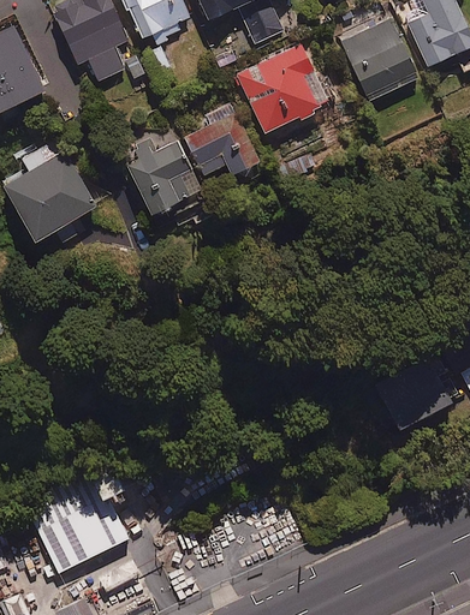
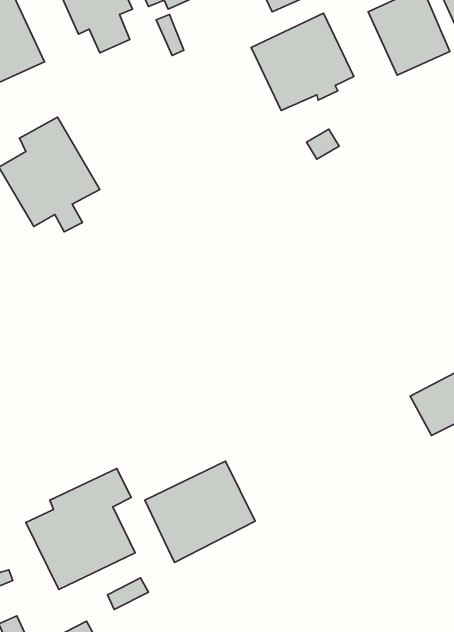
building: [184,113,257,175] -> none
building: [126,138,203,216] -> none
building: none -> [145,461,255,562]

